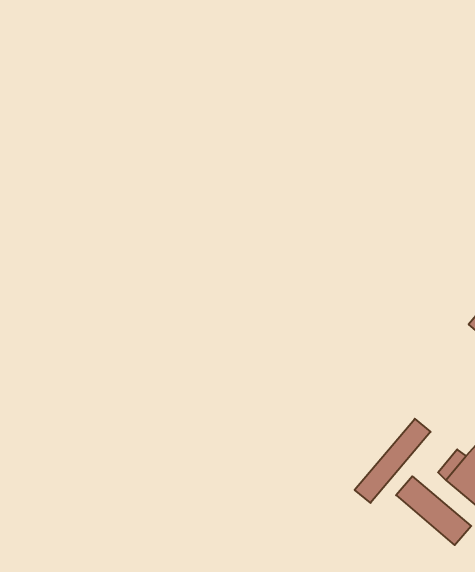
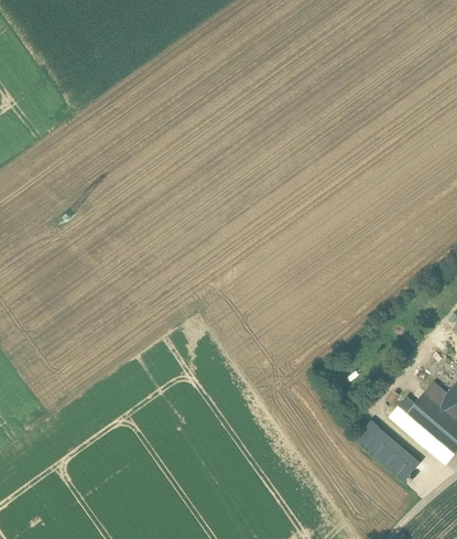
building: [355,419,431,503] -> none

